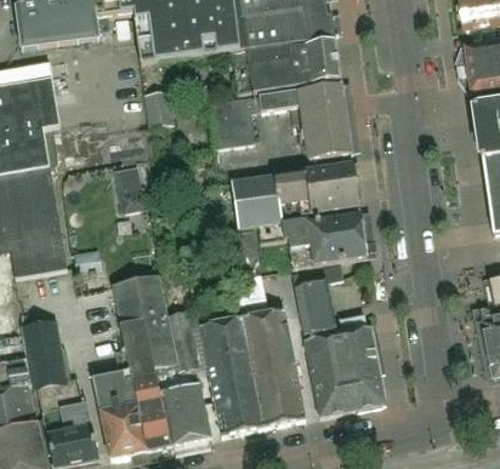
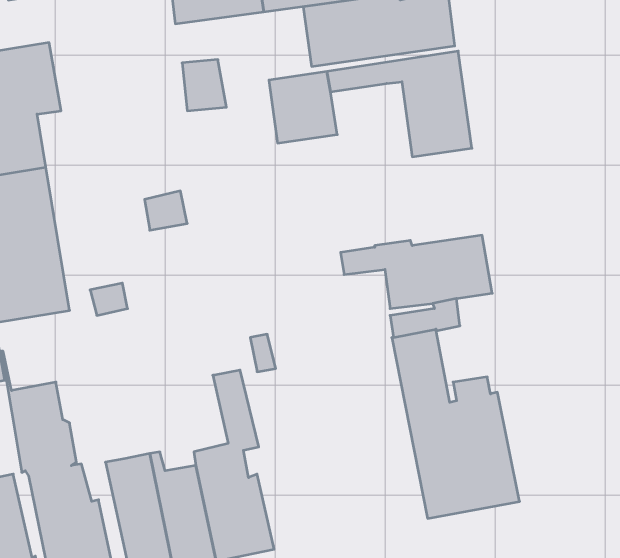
building: [231,161,358,227] -> none
building: [102,270,177,379] -> none
building: [200,308,305,433] -> none

